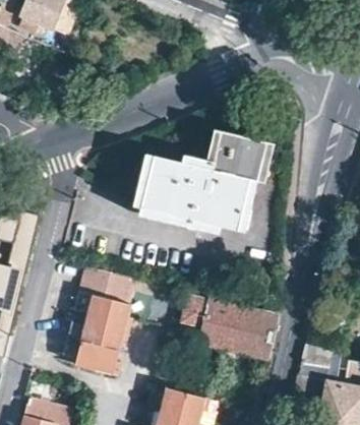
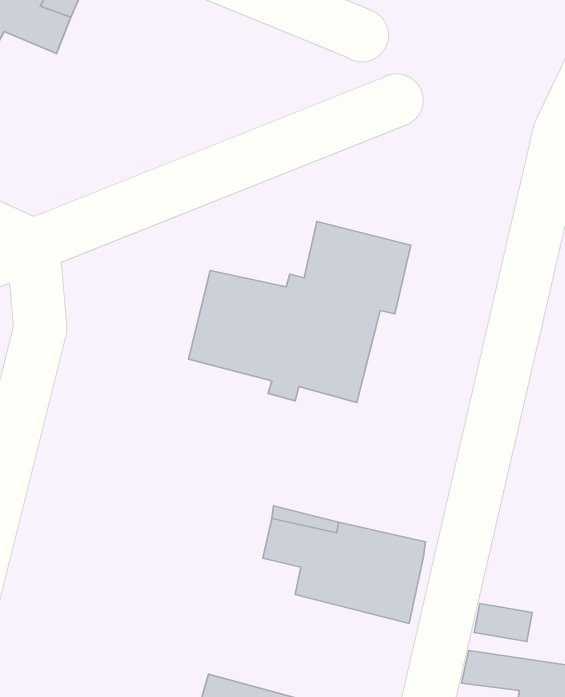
building: [63,266,137,377] -> none

